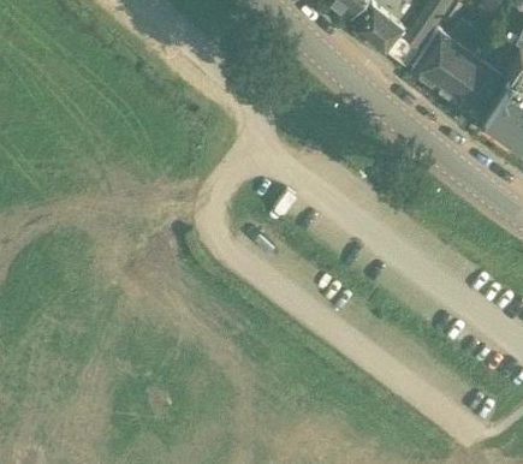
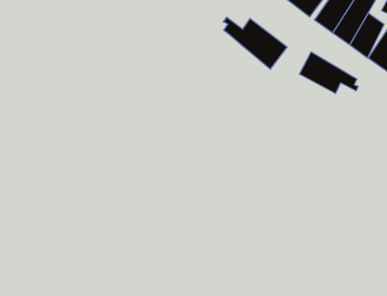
building: none -> [223,17,287,69]
building: none -> [299,52,358,93]

